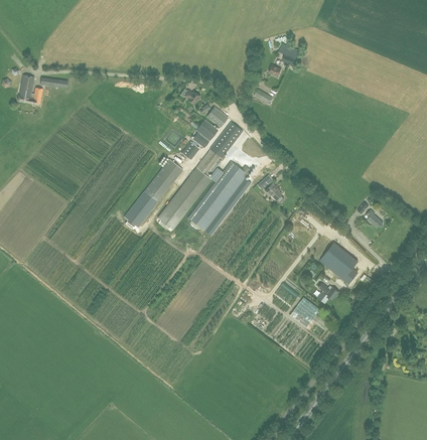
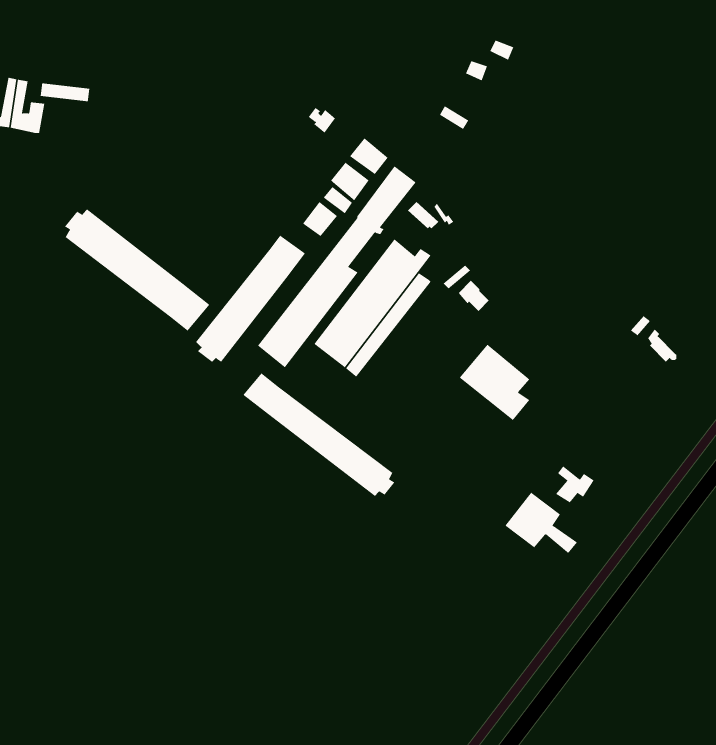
building: none -> [64,208,210,331]
building: none -> [242,373,395,497]
building: [319,242,358,283] -> [459,344,530,421]

